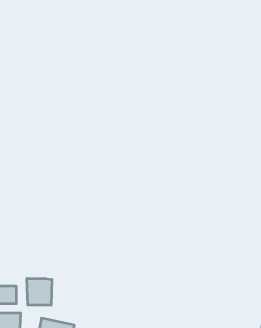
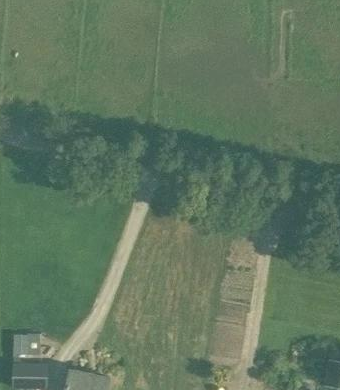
building: [27,278,52,305] -> none

